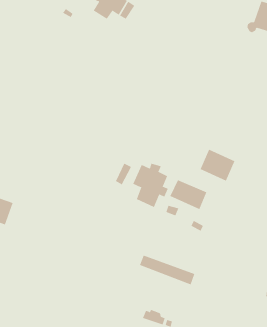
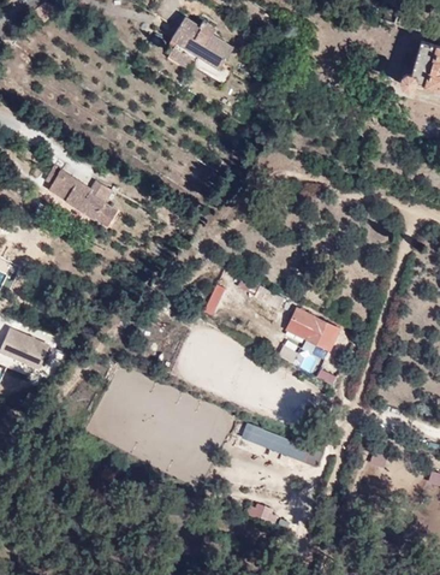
building: none -> [46,164,114,224]
building: [200,149,235,181] -> none
building: [133,163,168,208] -> none

